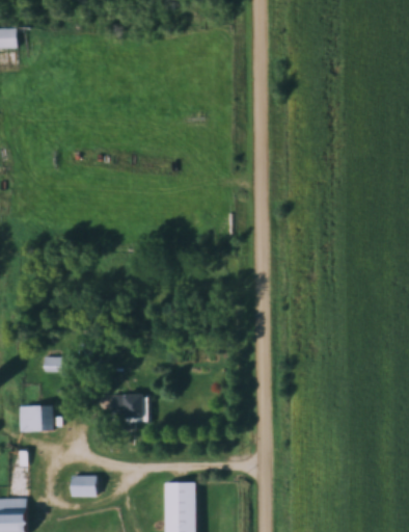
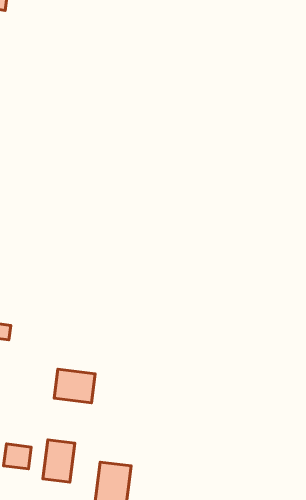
building: none -> [43,440,75,482]

